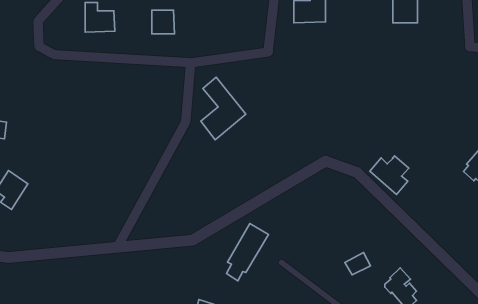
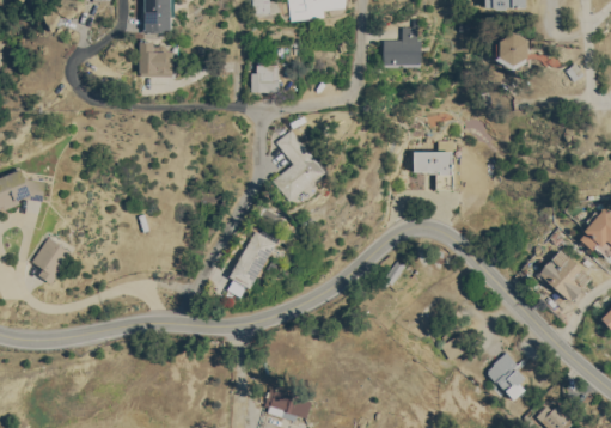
building: [152,10,174,34] -> [252,65,279,92]
building: none -> [415,152,454,191]
building: [370,156,409,195] -> [540,256,586,301]
building: [226,223,268,281] -> [228,231,277,298]

